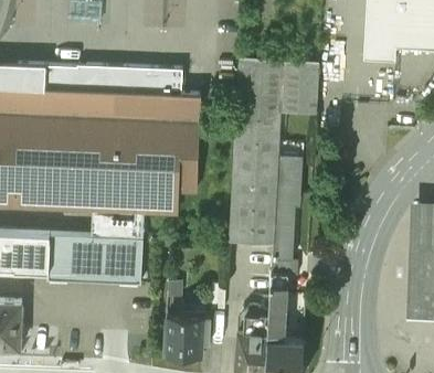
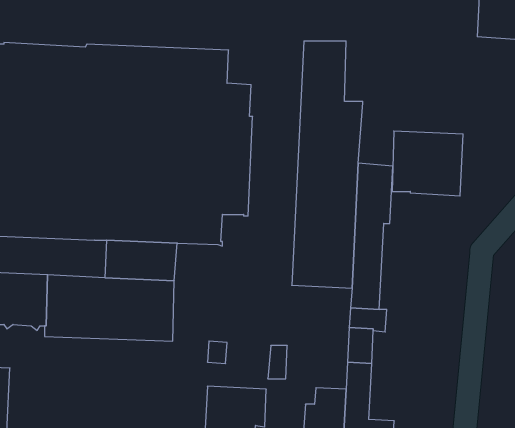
building: [267,62,319,109] -> [392,131,463,196]

